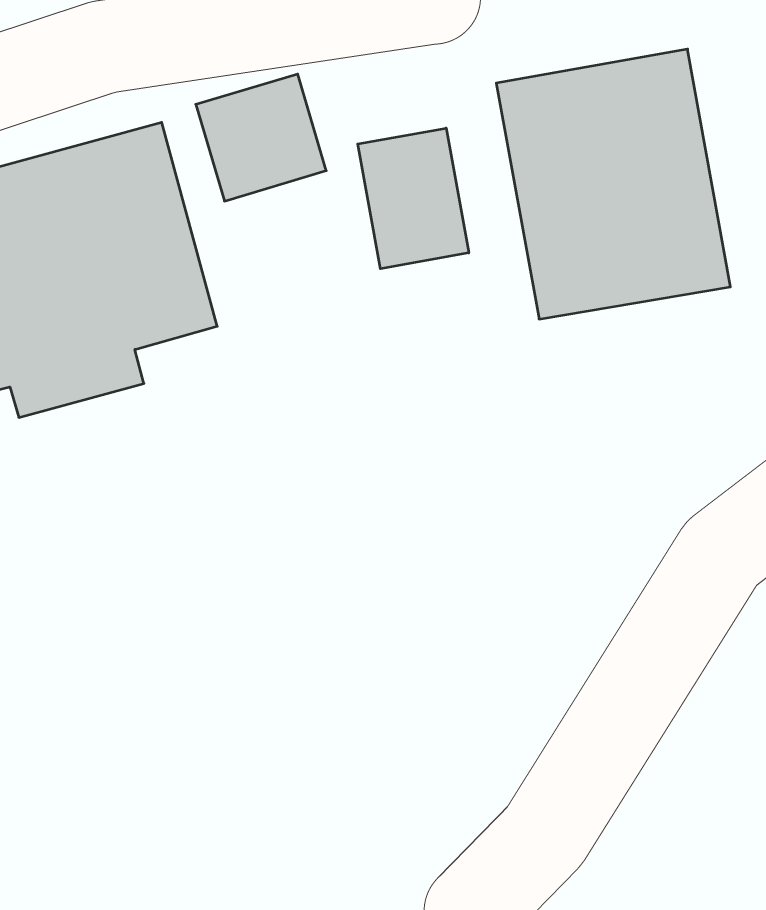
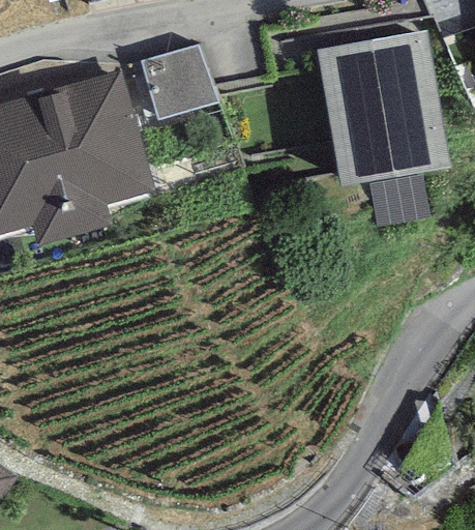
building: [358,128,469,269] -> none

